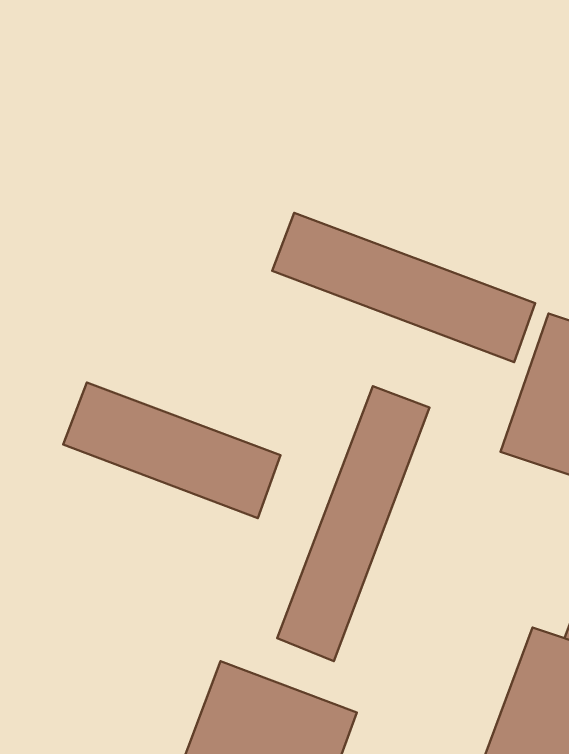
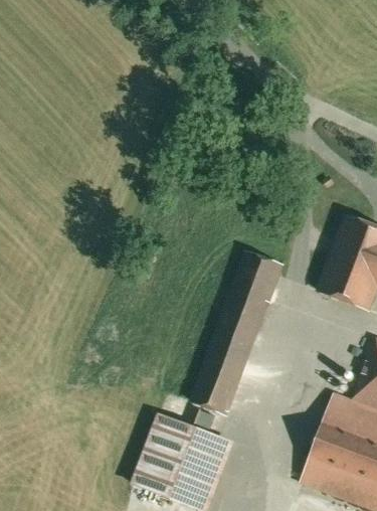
building: [272,213,535,362] -> none
building: [63,383,281,518] -> none

